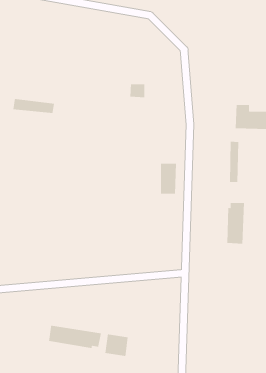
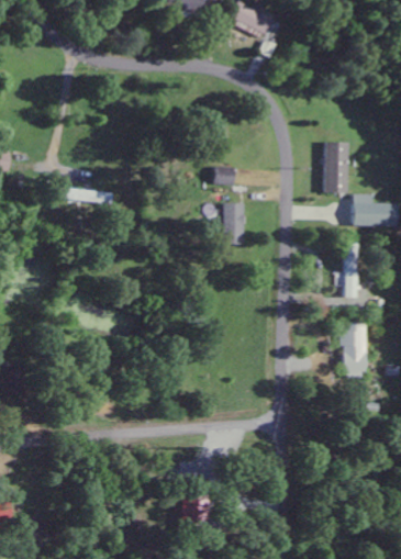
building: none -> [324,141,348,192]
building: [160,163,177,194] -> [223,202,245,243]
building: [48,325,101,349] -> none

